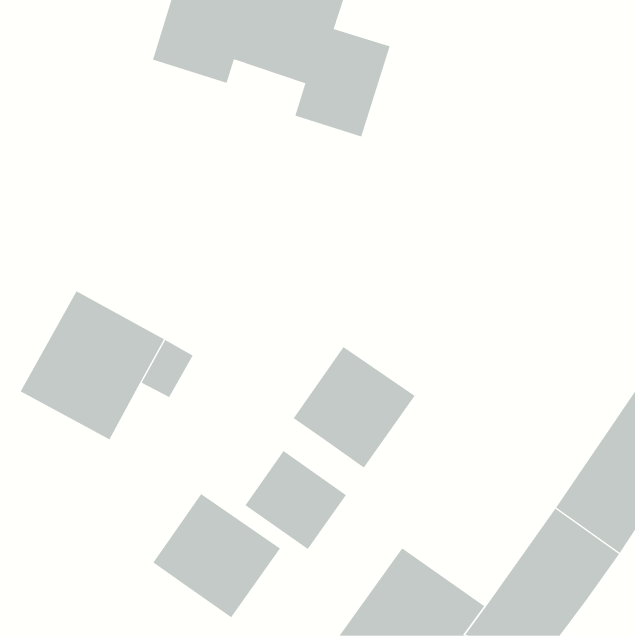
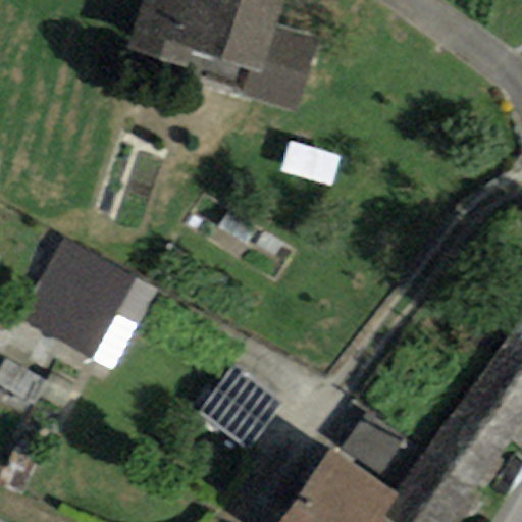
building: [293,346,415,468] -> none
building: [153,493,281,618] -> none

